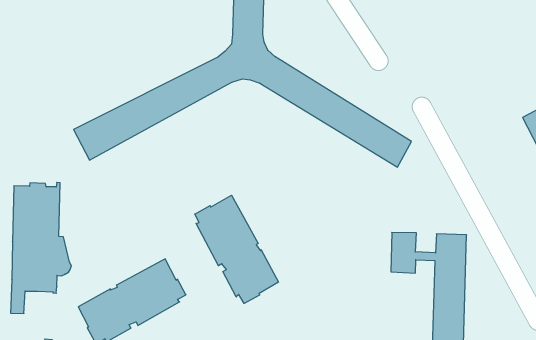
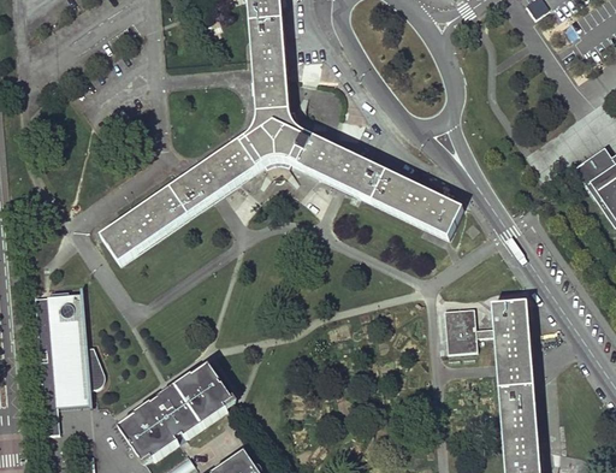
building: [195,195,278,303] -> none

